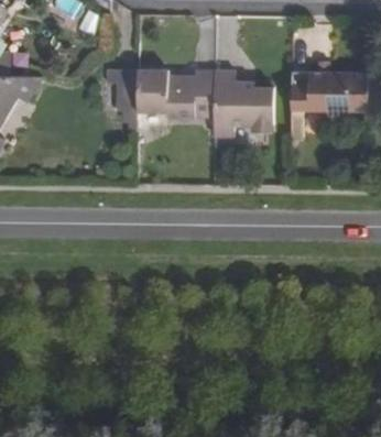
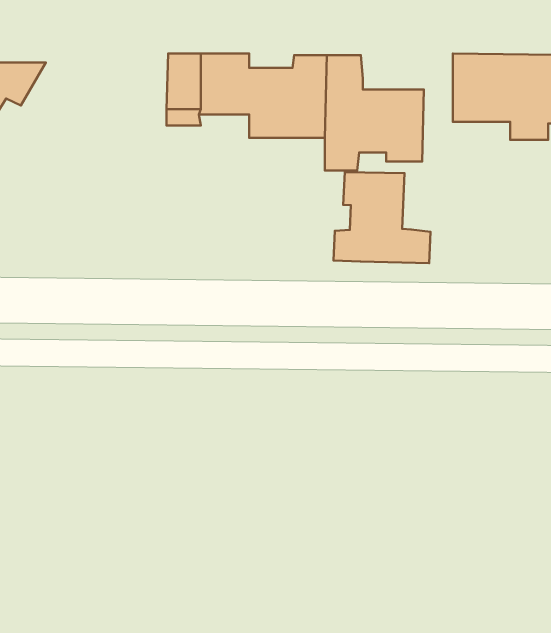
building: none -> [334,172,431,263]

